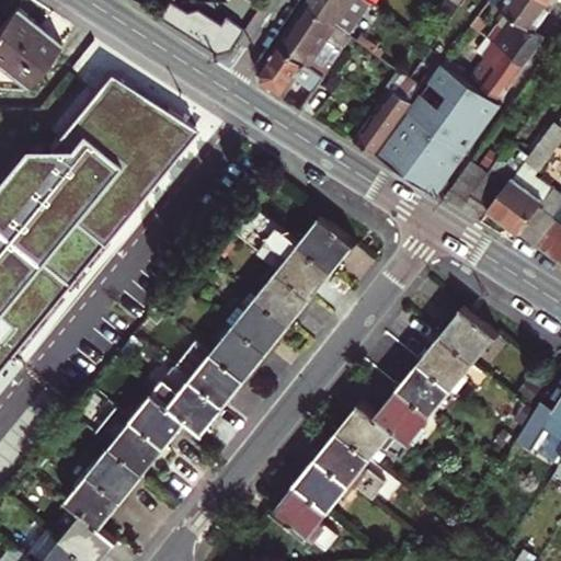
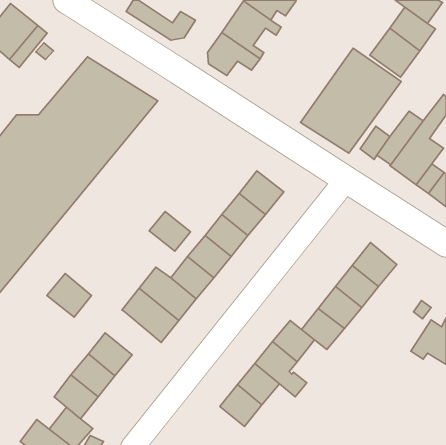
building: [355,70,423,153] -> none
building: none -> [149,212,191,251]
building: [131,392,187,447] -> [47,273,92,317]

